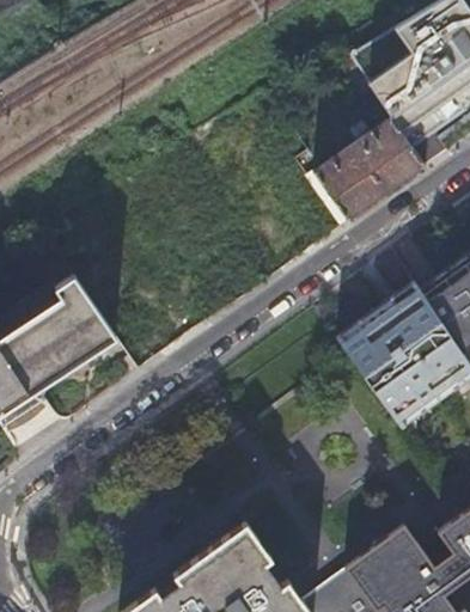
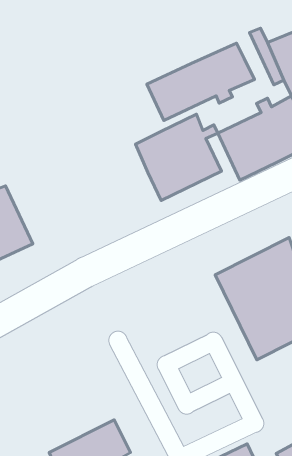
building: none -> [147,43,255,120]
building: none -> [135,114,222,200]

